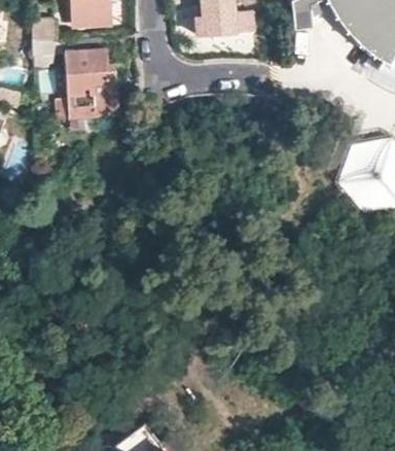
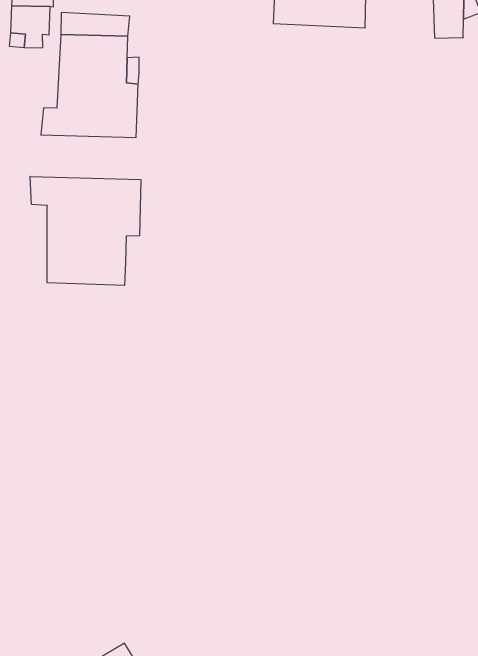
building: none -> [30,176,141,285]

